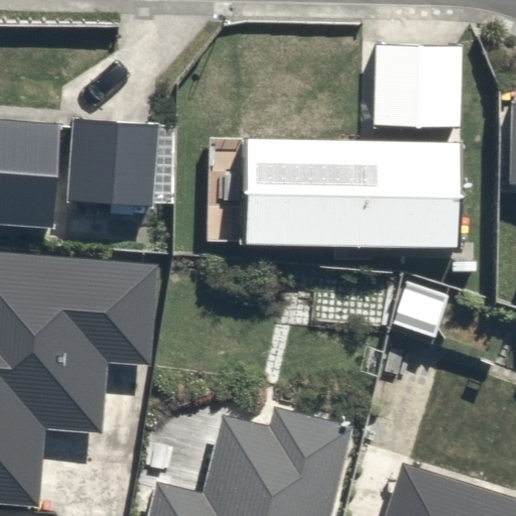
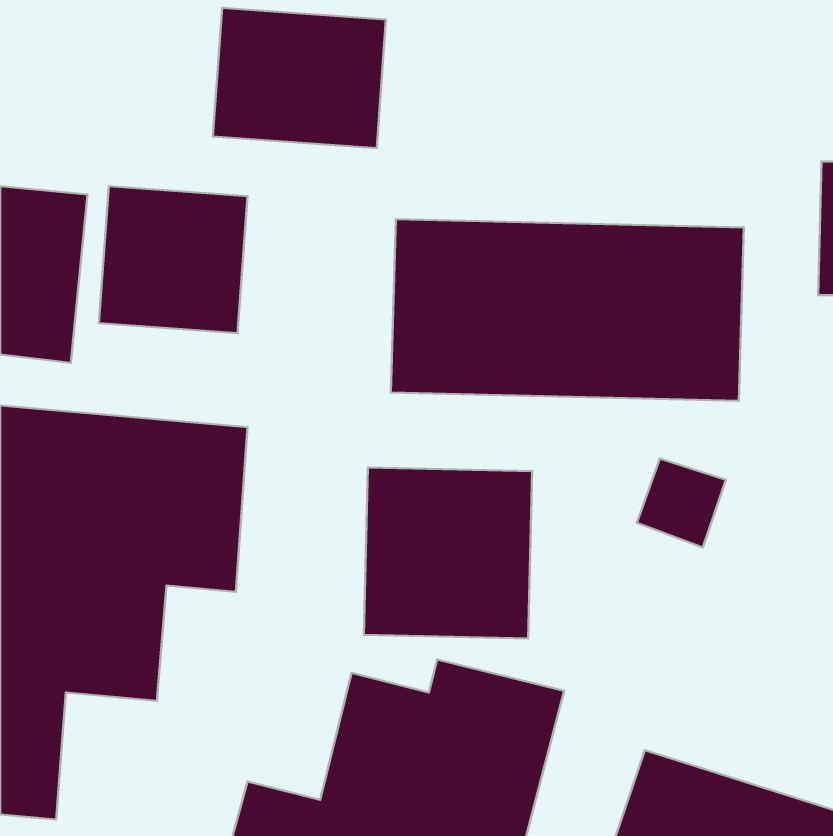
building: none -> [213,8,386,148]
building: [370,45,460,128] -> none
building: none -> [364,467,532,639]

